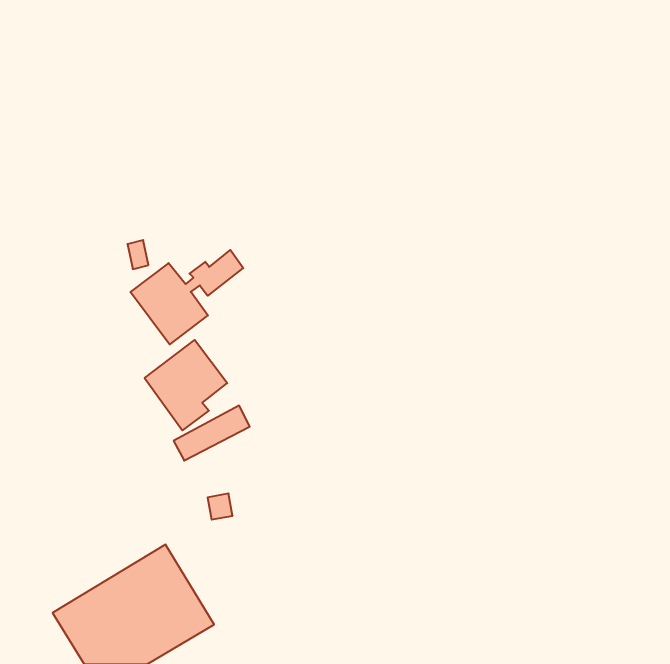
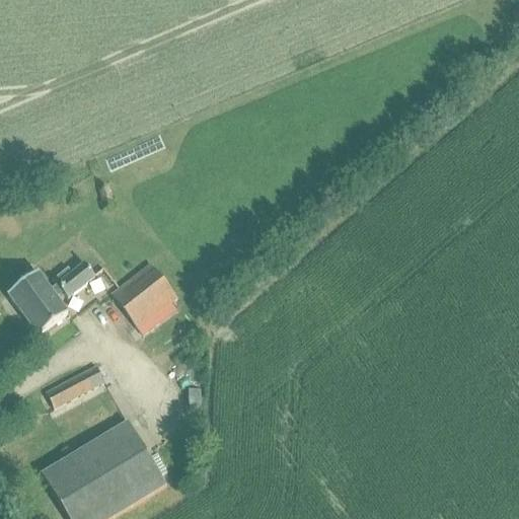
building: [130,250,243,344] -> [8,261,95,333]
building: [174,406,250,461] -> [46,364,104,406]

